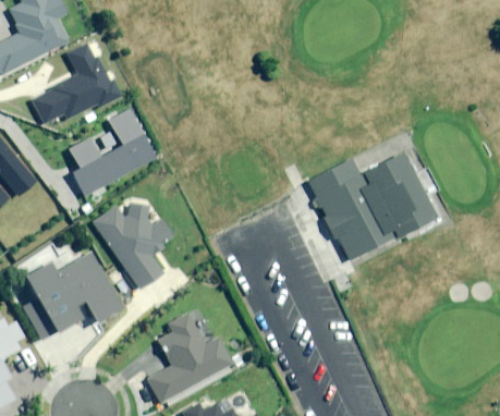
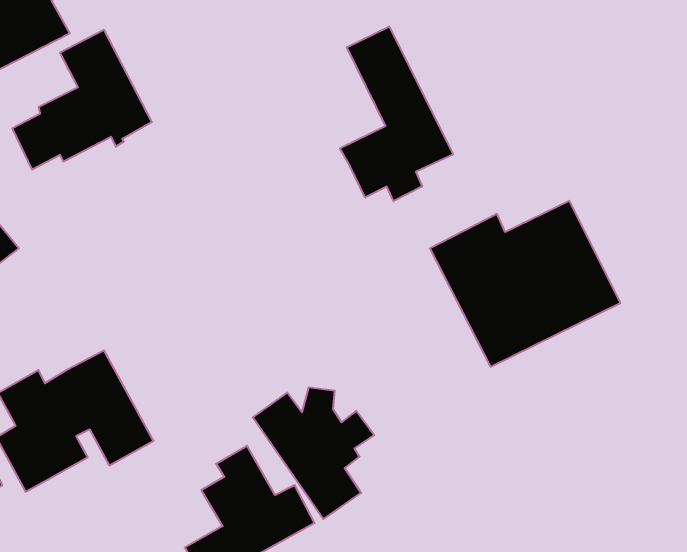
building: none -> [340,26,453,201]
building: [68,110,155,196] -> none
building: [95,203,175,290] -> [253,388,374,519]

